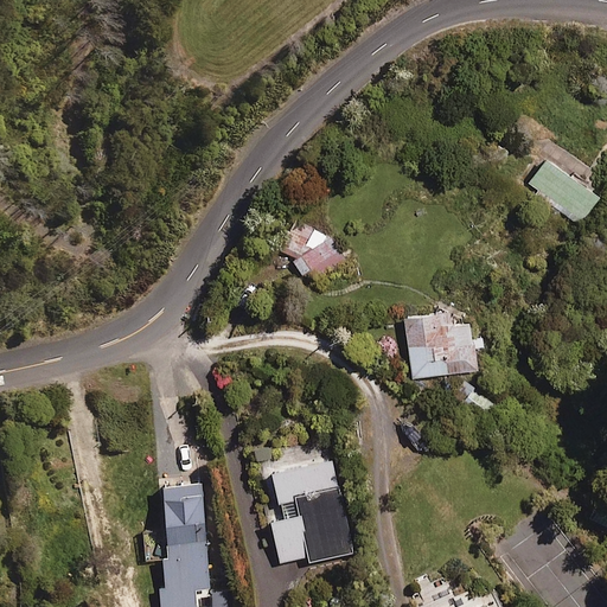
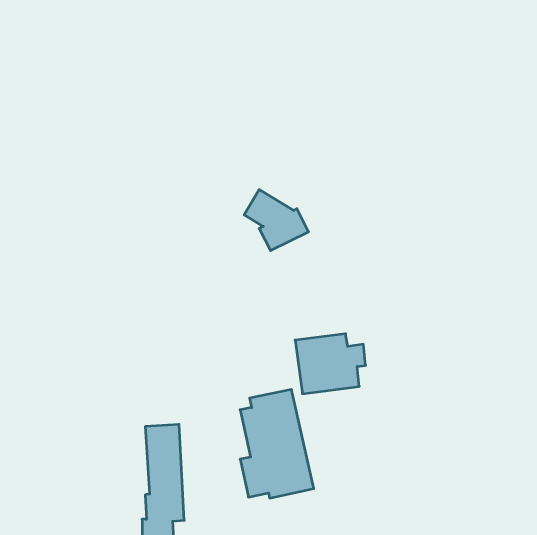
building: [526,159,598,224] -> none
building: [404,311,484,378] -> [295,334,366,394]

